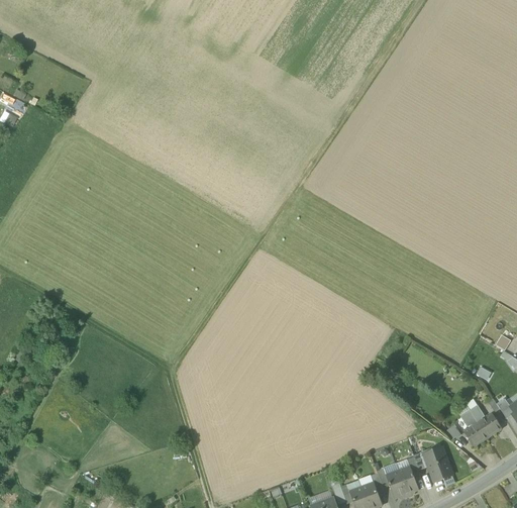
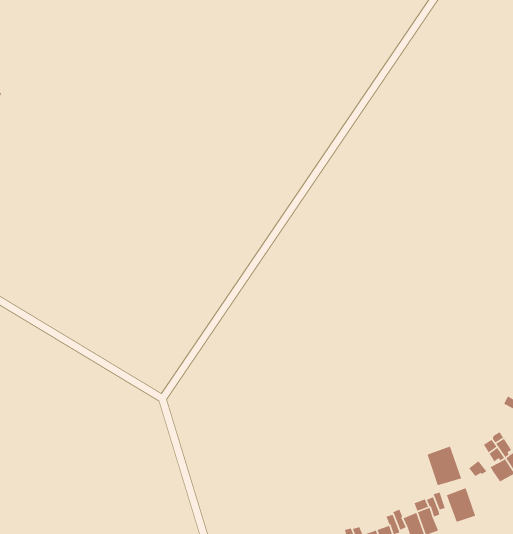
building: none -> [427,446,462,486]

